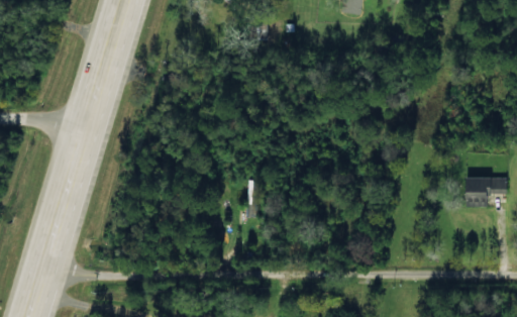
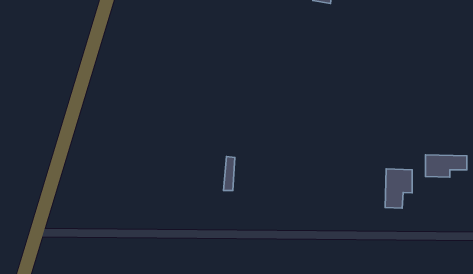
building: none -> [385,169,412,208]

